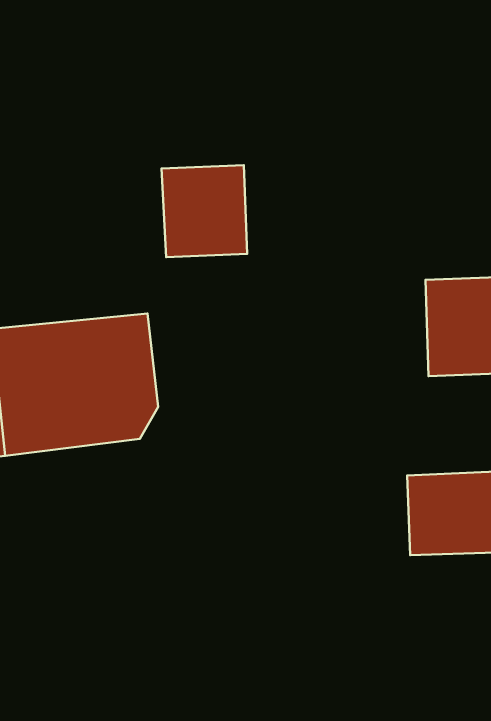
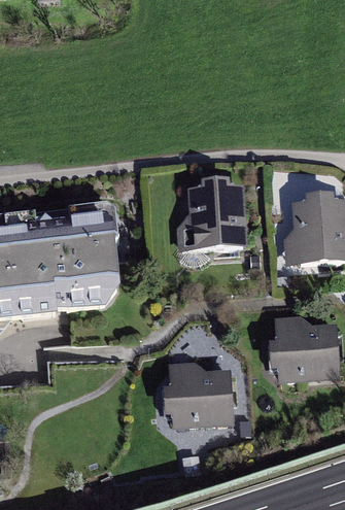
building: [161,165,247,257] -> [186,184,244,246]
building: none -> [164,369,236,426]

